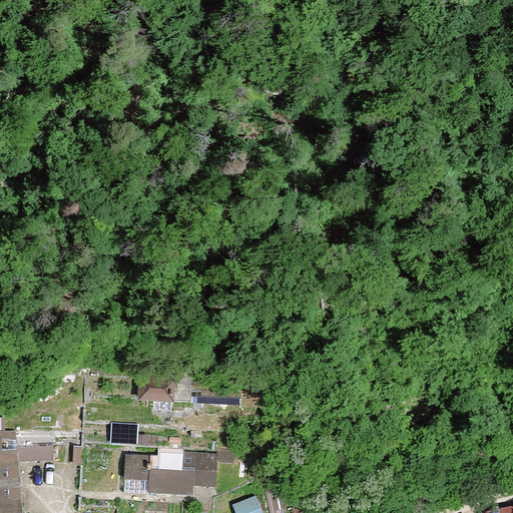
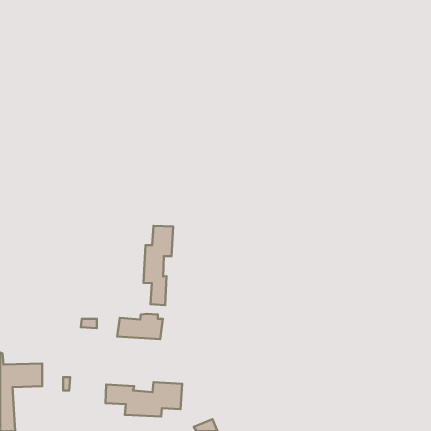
building: none -> [143,226,173,305]

